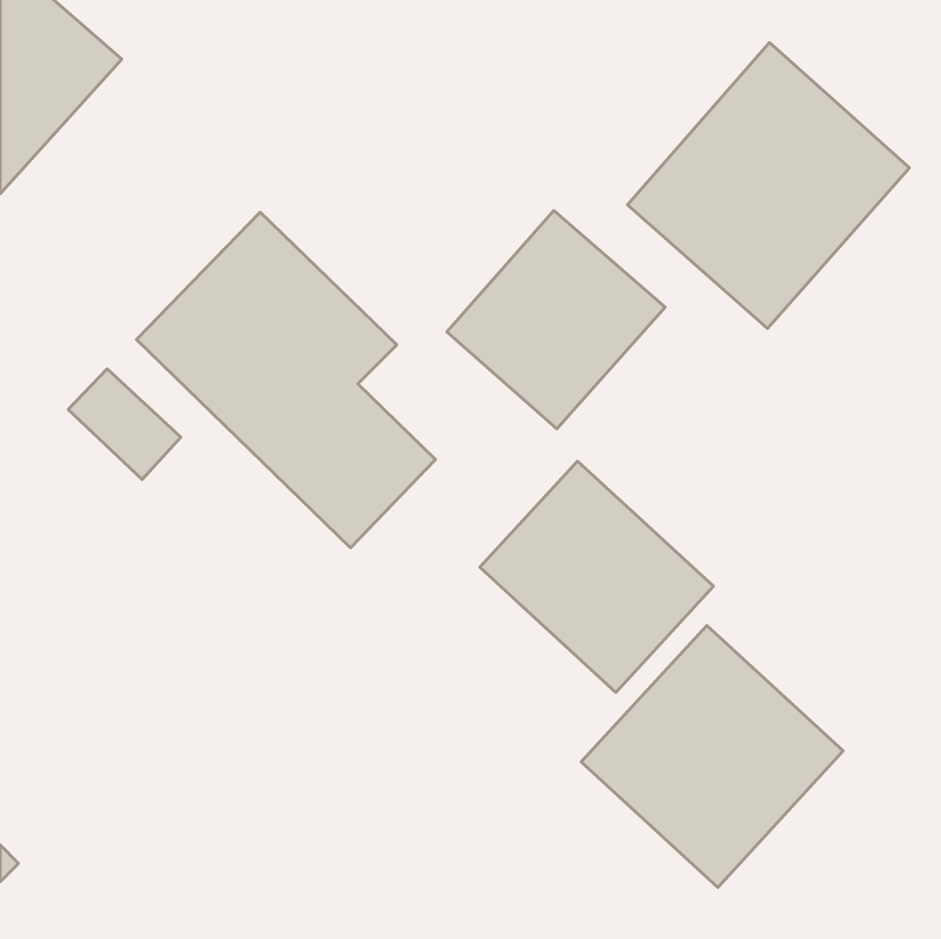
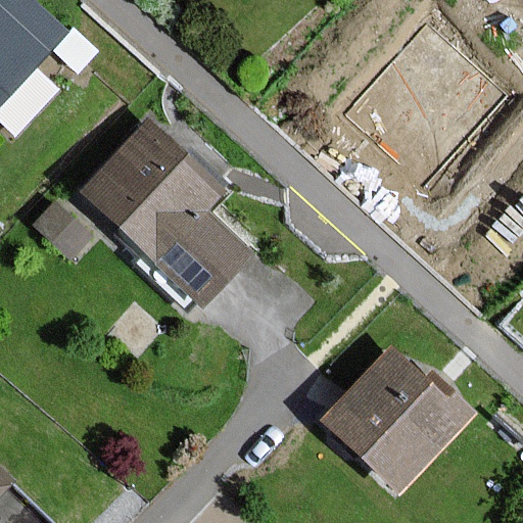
building: [447,210,665,429] -> none
building: [480,461,713,692] -> none

